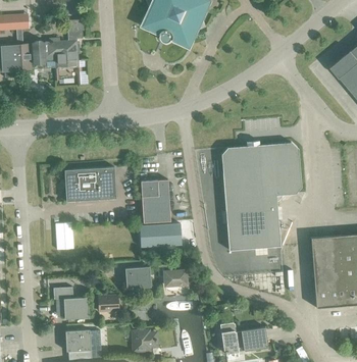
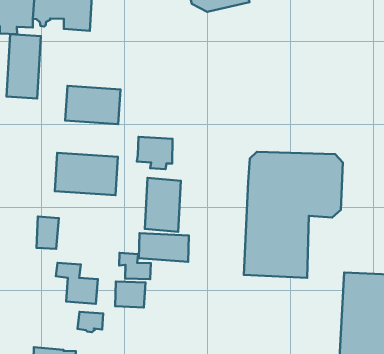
building: none -> [6,34,41,98]
building: none -> [65,86,120,124]
building: none -> [137,137,173,169]
building: [159,264,187,286] -> [119,253,151,279]
building: [54,287,90,318] -> [56,263,98,304]

